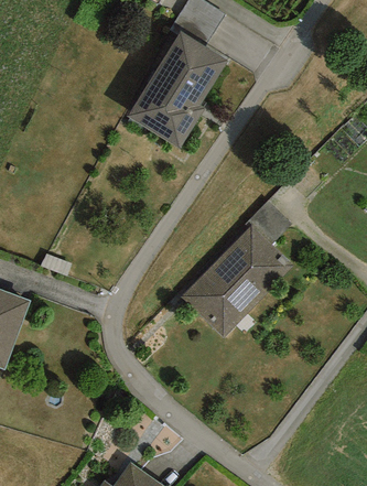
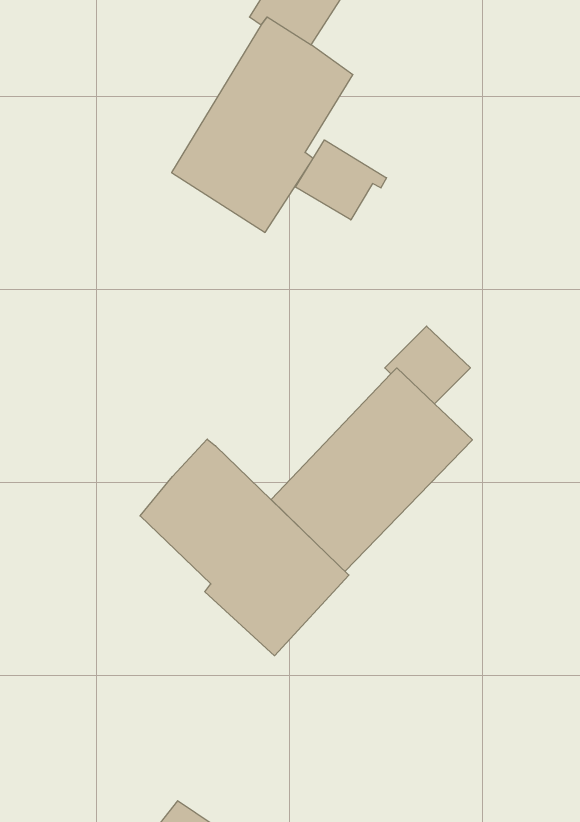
building: none -> [296,140,387,220]
building: none -> [140,439,349,656]

